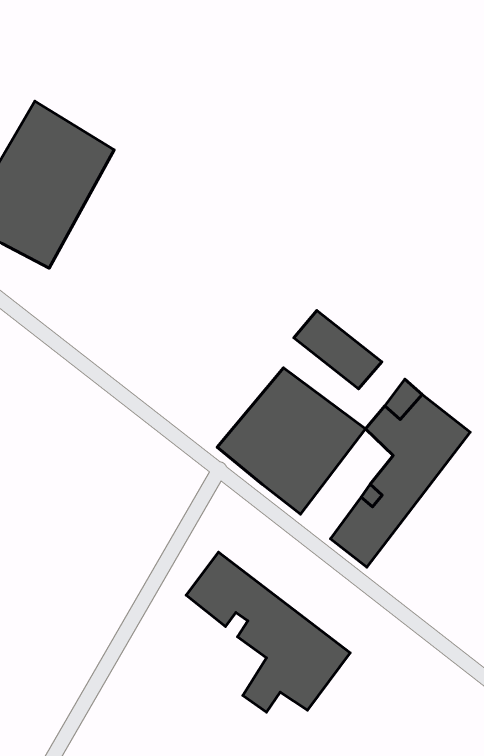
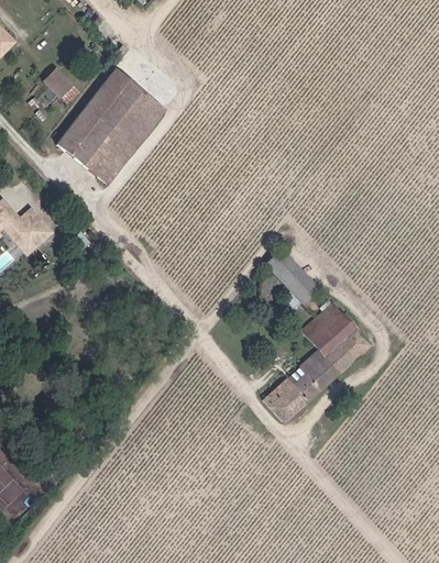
building: [217,368,366,514] -> none
building: [186,552,350,712] -> none

